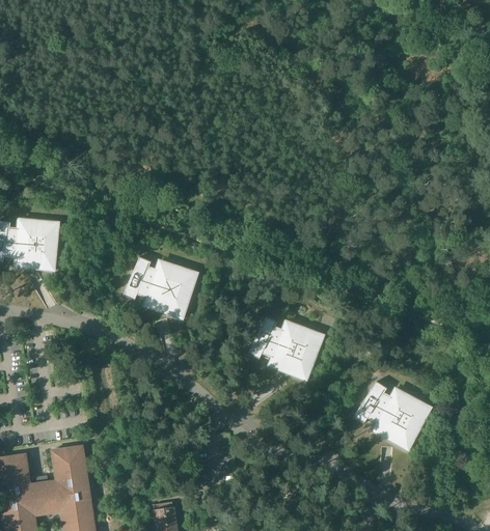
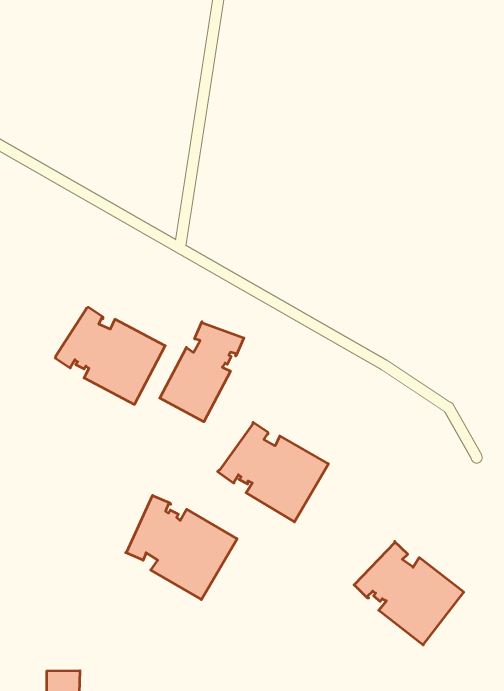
building: none -> [160,322,244,422]
building: none -> [126,495,237,600]

